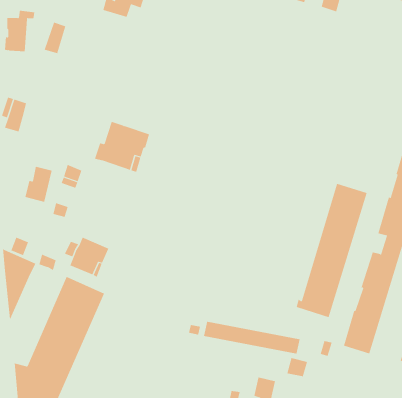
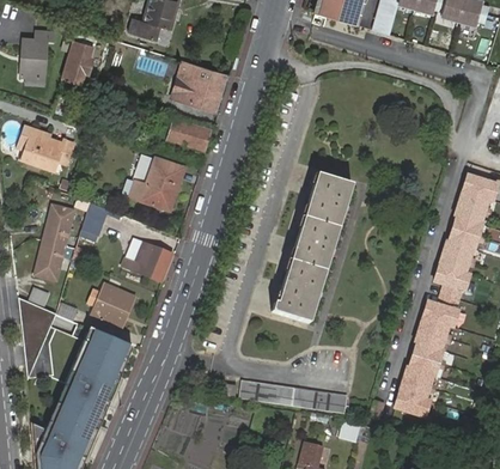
building: none -> [170,63,226,112]
building: none -> [167,120,208,151]
building: none -> [36,134,71,172]
building: [296,183,368,318] -> [273,176,353,327]
building: none -> [121,238,171,281]
building: none -> [37,239,65,280]

